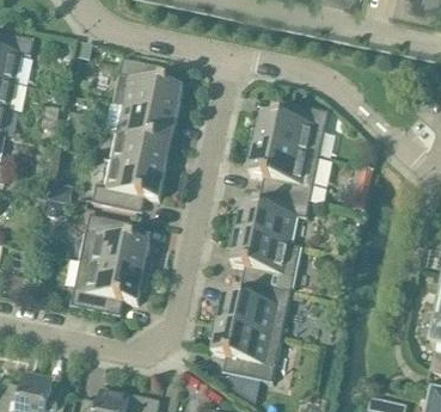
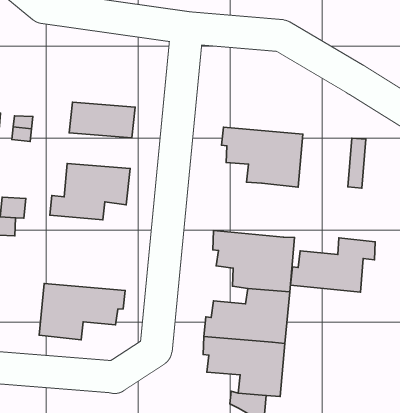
building: [112,57,182,116] -> none
building: [250,103,329,156] -> none
building: [111,131,170,168] -> none
building: [231,195,308,244] -> [290,238,375,292]
building: [79,213,151,273] -> none

